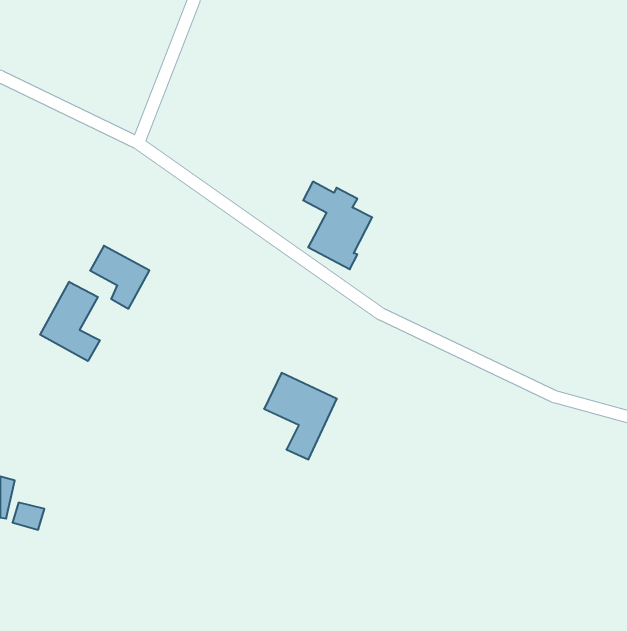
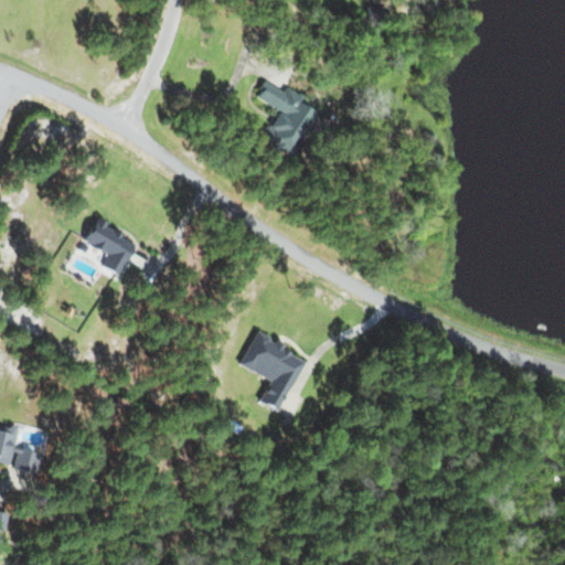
building: [303,182,372,269] -> [258,82,320,160]
building: [40,282,100,361] -> none

